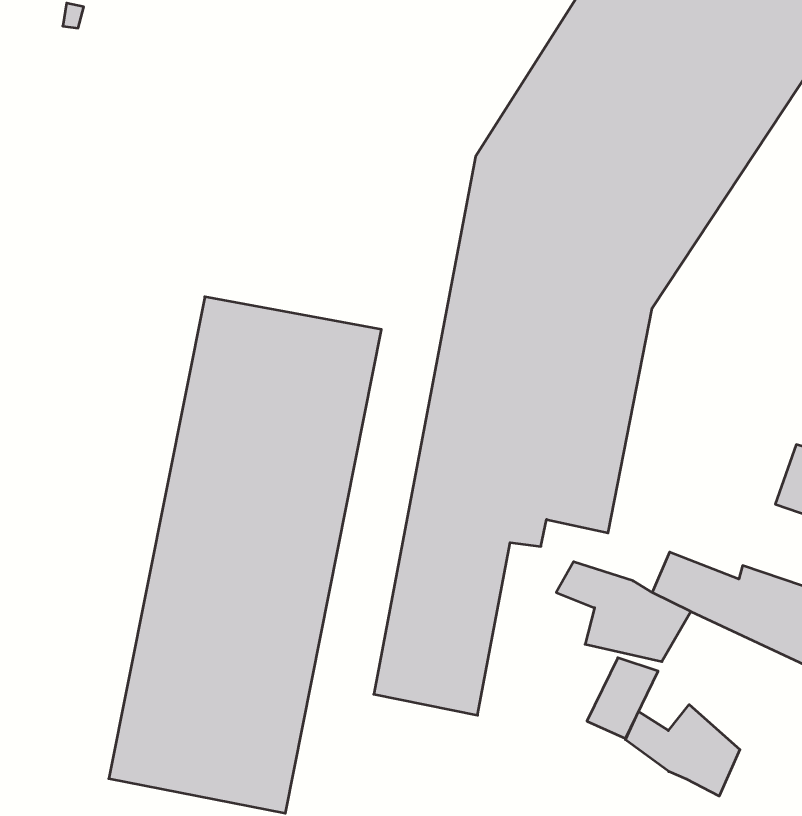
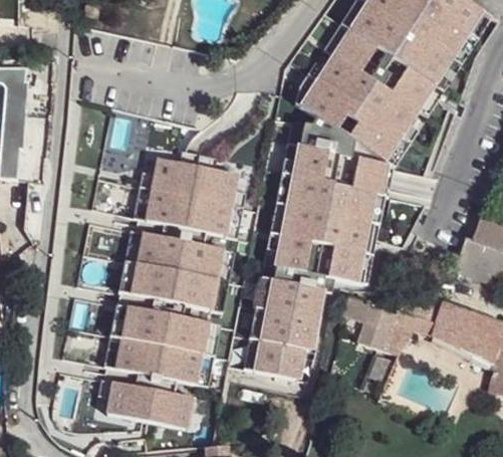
building: [625,705,740,796] -> none

